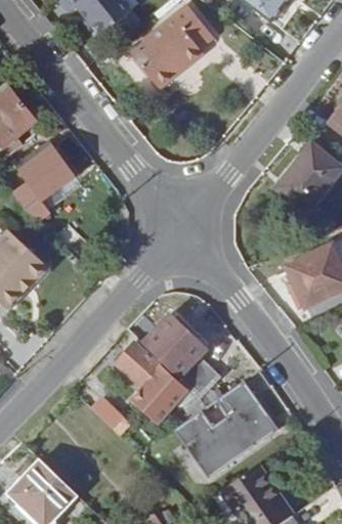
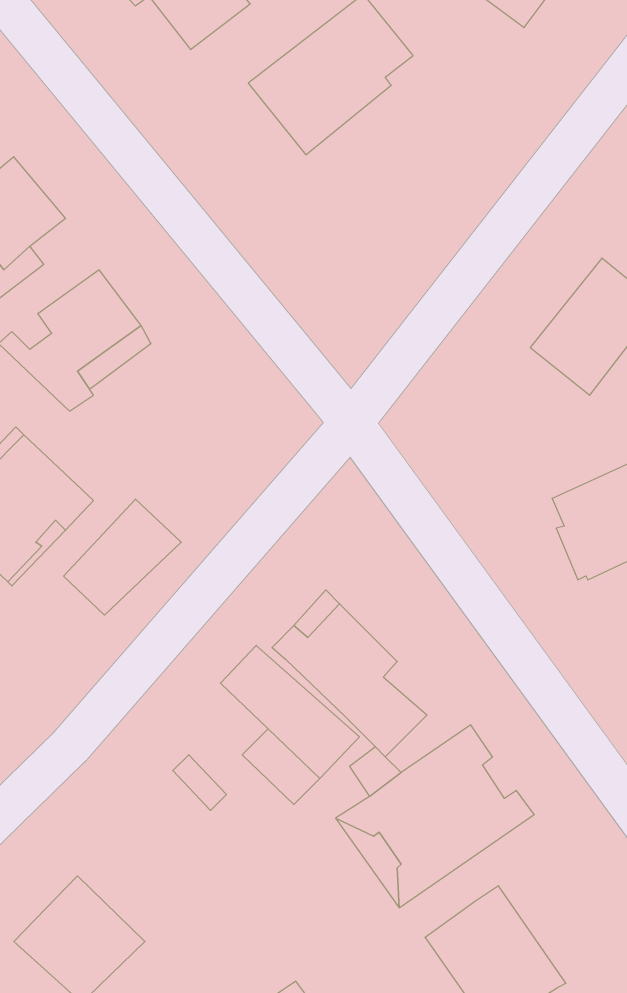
building: none -> [64,499,181,615]

